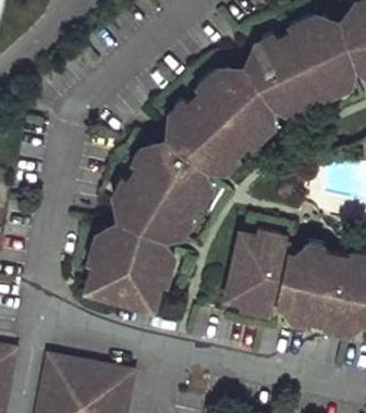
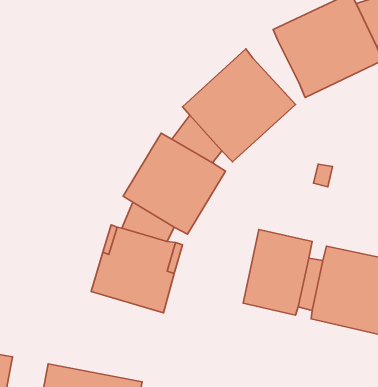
building: [232,62,274,110] -> none

